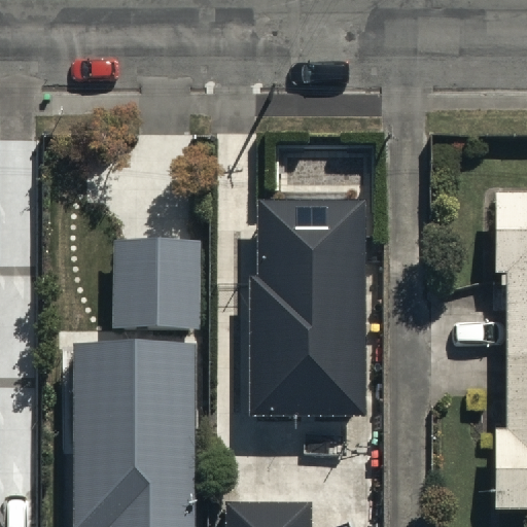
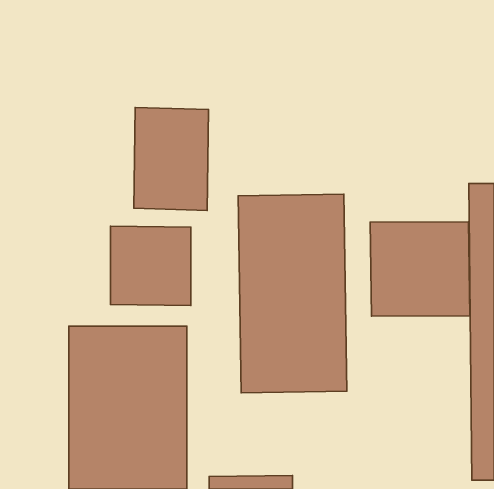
building: none -> [134,107,208,210]
building: none -> [370,222,470,316]

